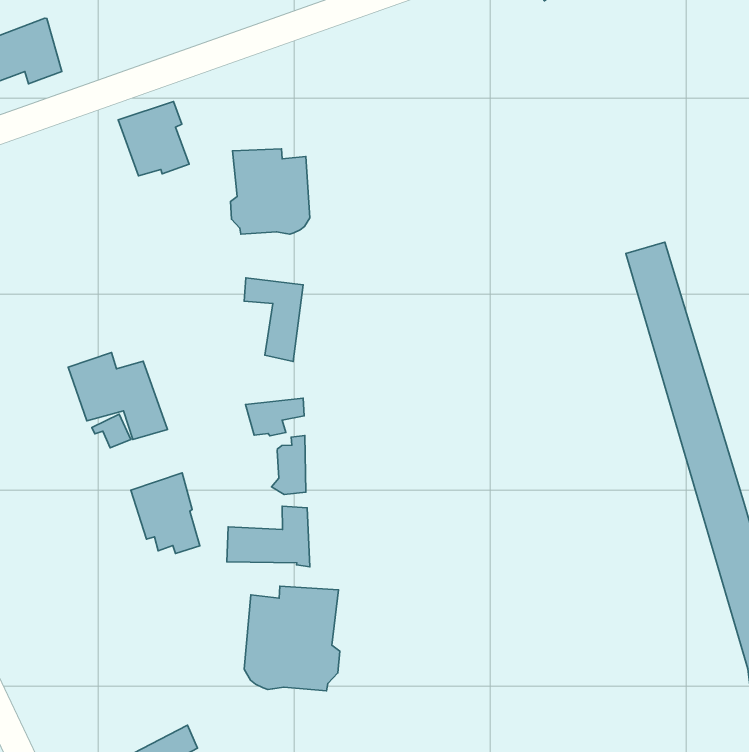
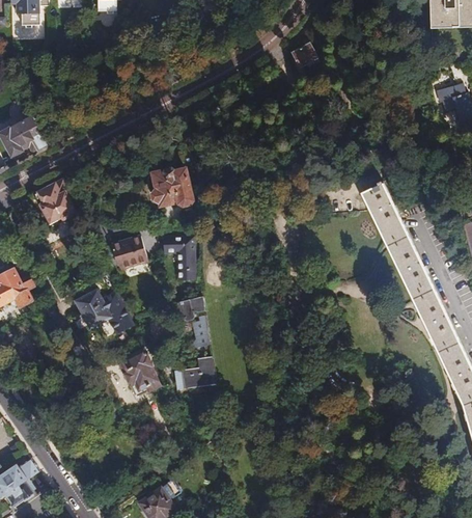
building: [118,101,189,176] -> [34,180,76,222]
building: none -> [102,236,148,271]
building: [244,586,340,691] -> none

